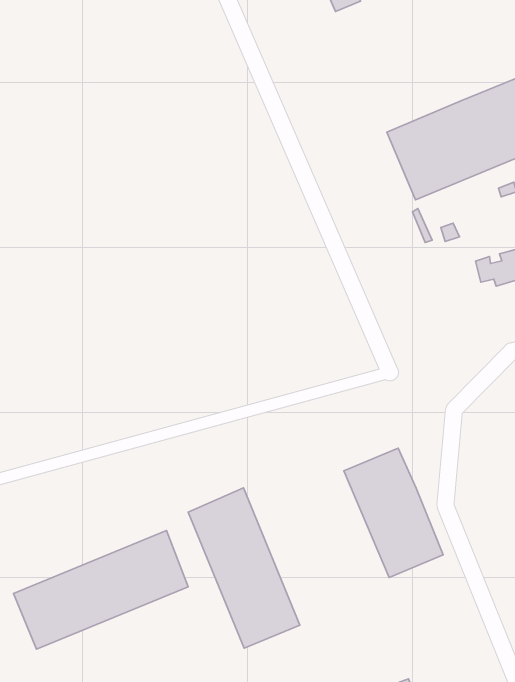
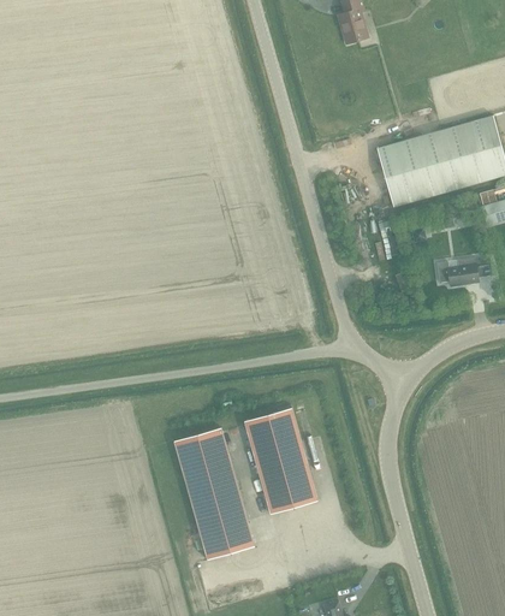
building: [344,448,443,577] -> [243,408,316,514]
building: [14,530,188,649] -> none

